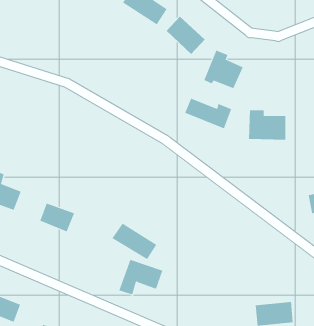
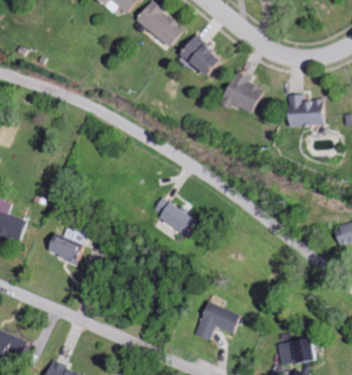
building: [185,98,232,129] -> none
building: [248,110,286,140] -> [286,93,326,126]
building: [112,223,157,260] -> [149,196,197,235]
building: [119,259,163,295] -> [194,302,241,340]

